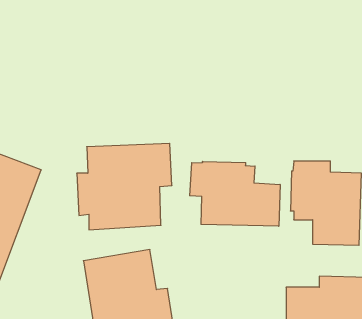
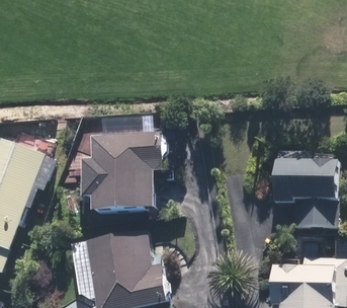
building: [190,161,280,226] -> none

